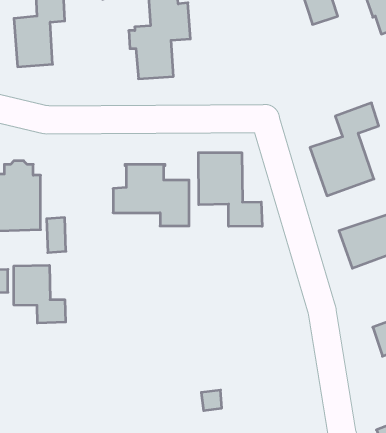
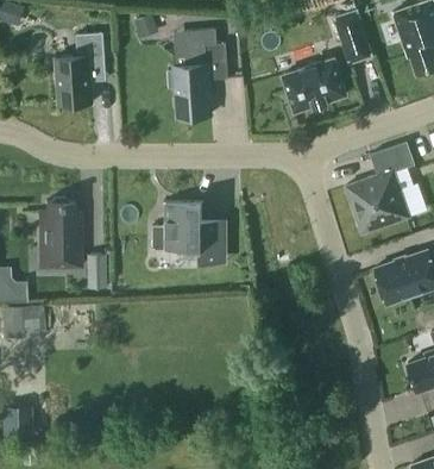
building: none -> [283,58,347,112]
building: [198,153,262,226] -> none
building: [14,265,66,323] -> none

